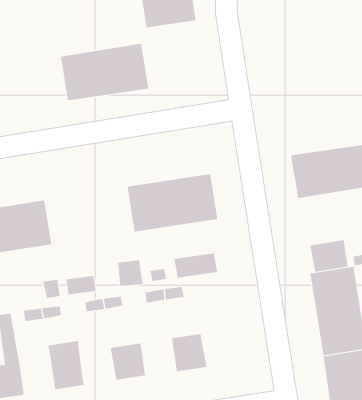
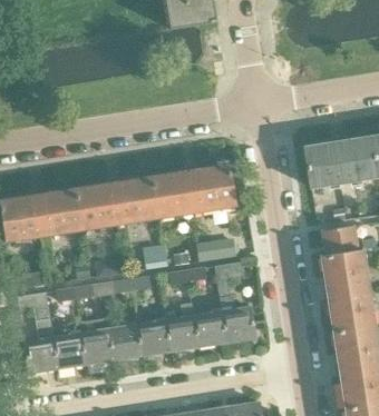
building: [60,43,149,101] -> [76,176,158,229]
building: none -> [214,261,254,343]
building: none -> [165,301,197,350]
building: none -> [108,325,142,359]
building: none -> [52,334,85,368]

